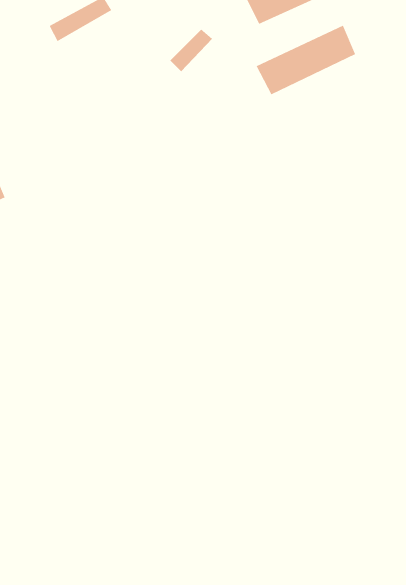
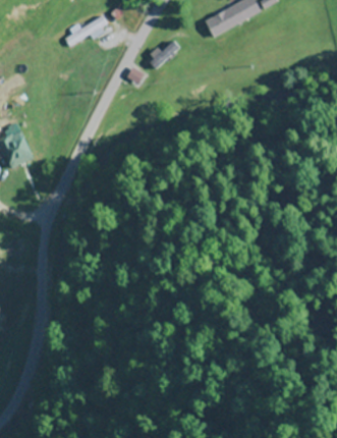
building: [256,25,356,95] -> none

